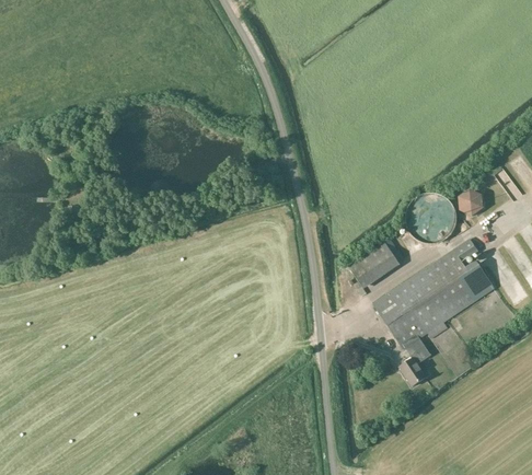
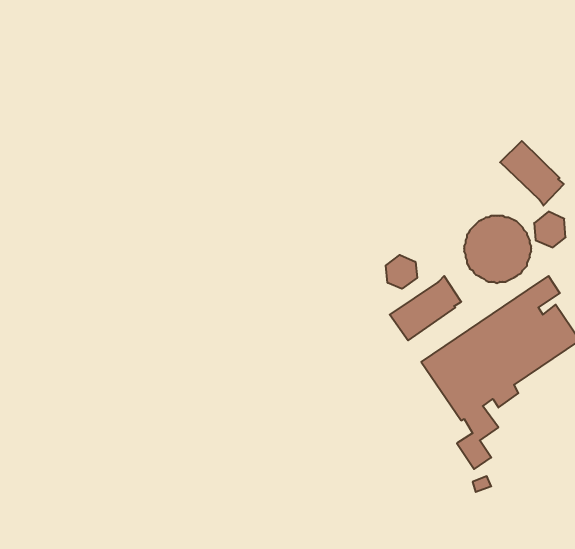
building: none -> [500,141,564,206]
building: none -> [386,255,417,289]

